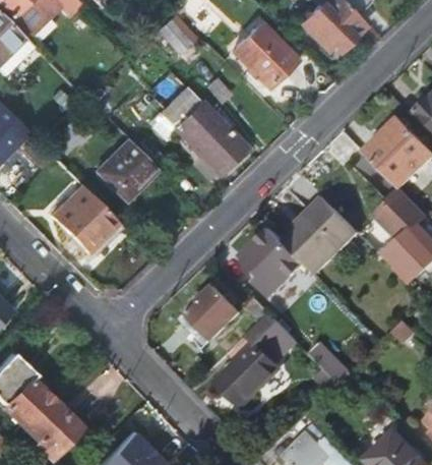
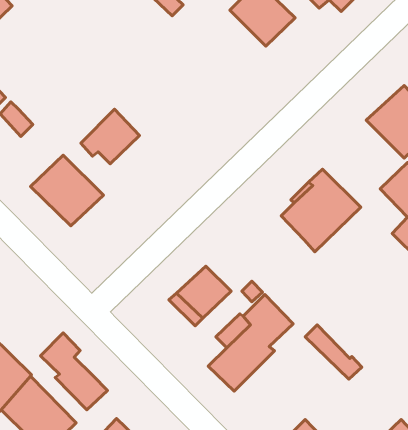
building: [158,86,244,175] -> none
building: [241,227,305,296] -> none
building: none -> [41,333,107,410]

